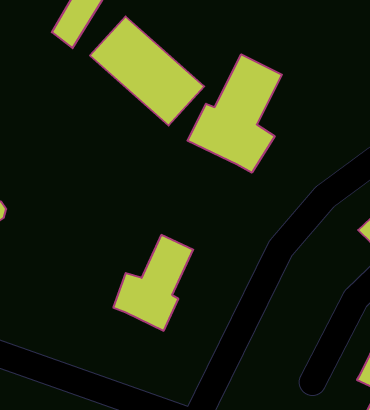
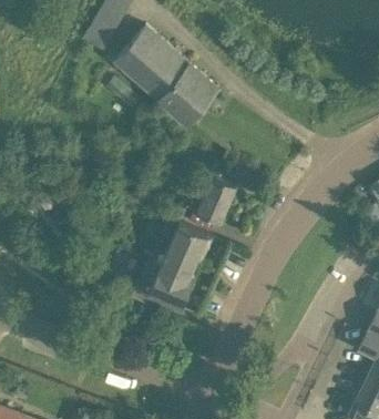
building: [187,54,282,173] -> none
building: none -> [198,177,238,222]

